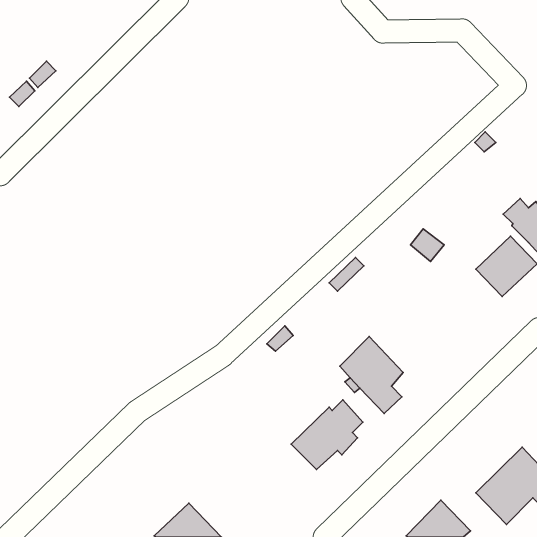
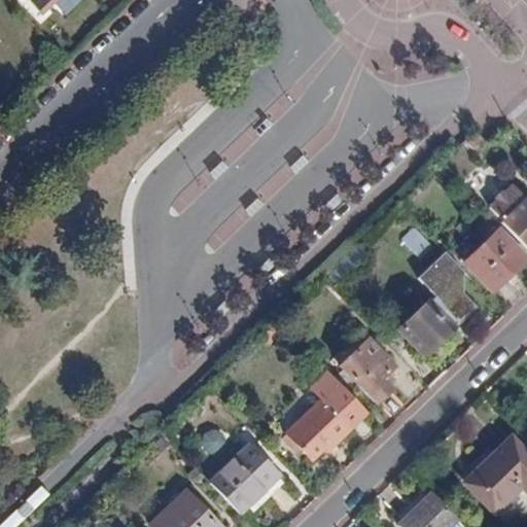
building: none -> [405,252,478,352]
building: none -> [210,444,277,514]

